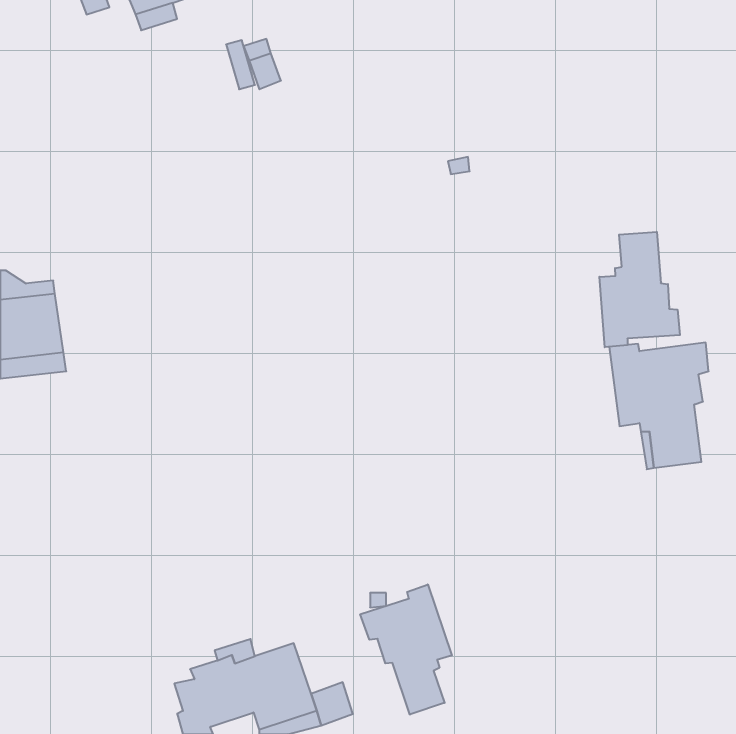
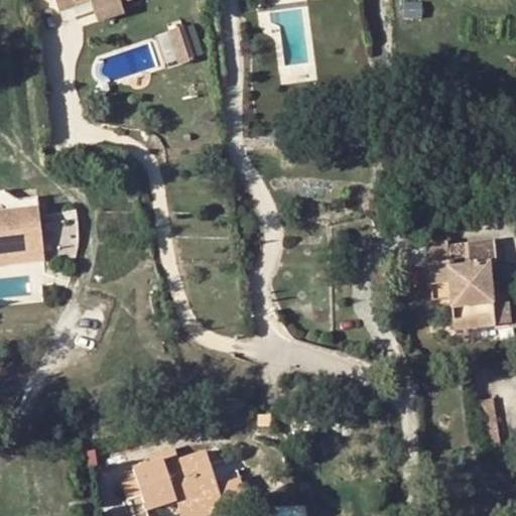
building: [599,232,680,347] -> none
building: [360,584,452,715] -> none

